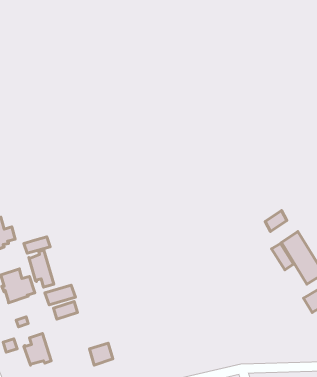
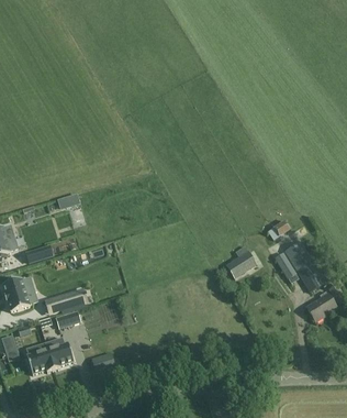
building: none -> [225,245,256,278]
building: [29,250,54,287] -> none
building: none -> [44,337,72,370]

